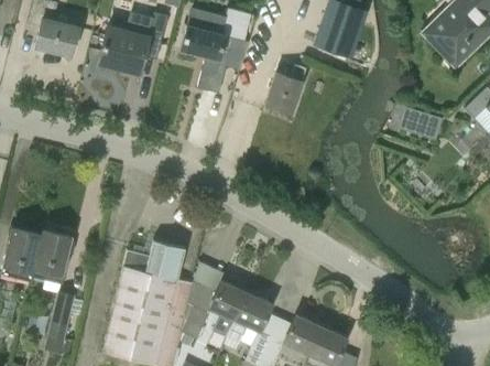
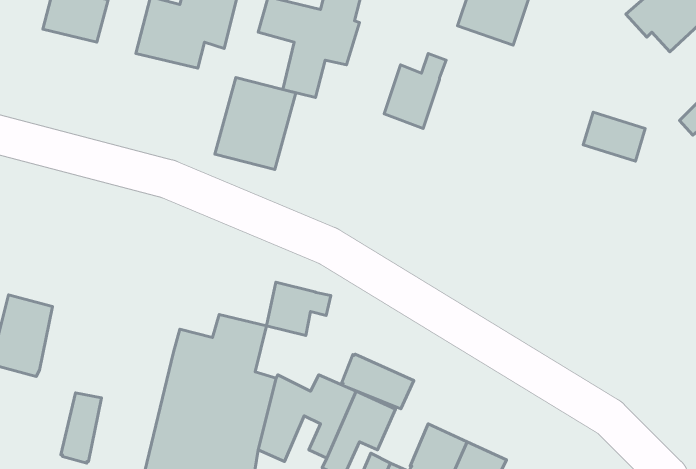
building: none -> [215,77,296,169]
building: none -> [266,282,331,335]
building: [33,229,74,293] -> none
building: none -> [342,354,414,409]

